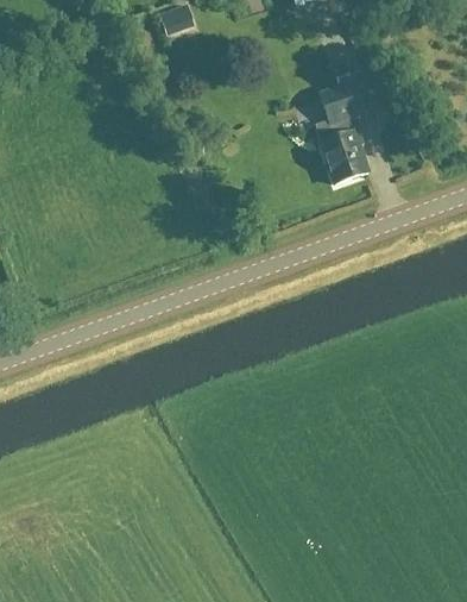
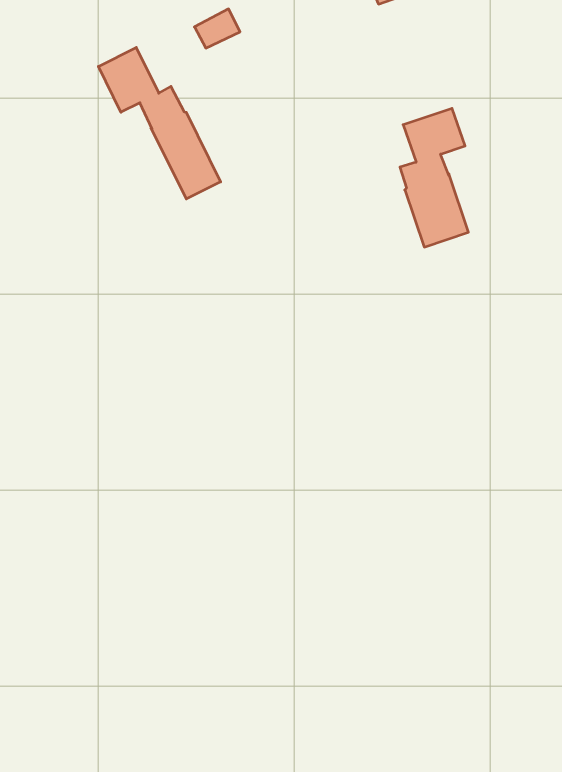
building: none -> [98,47,221,199]

